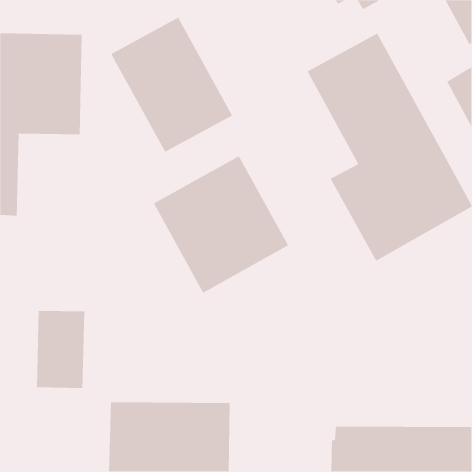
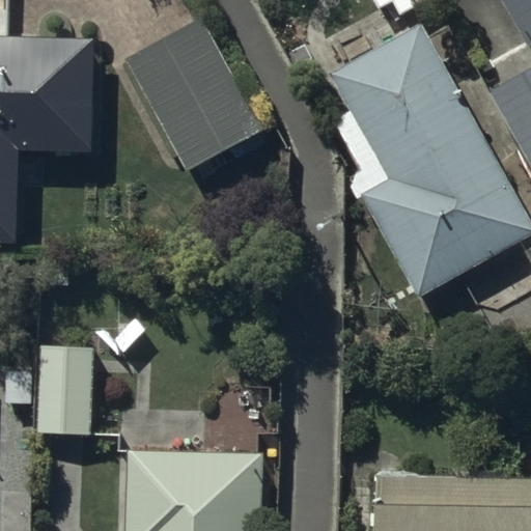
building: [153,155,289,294] -> none

